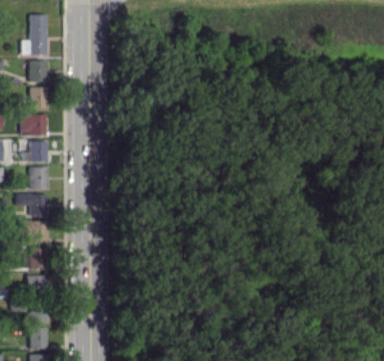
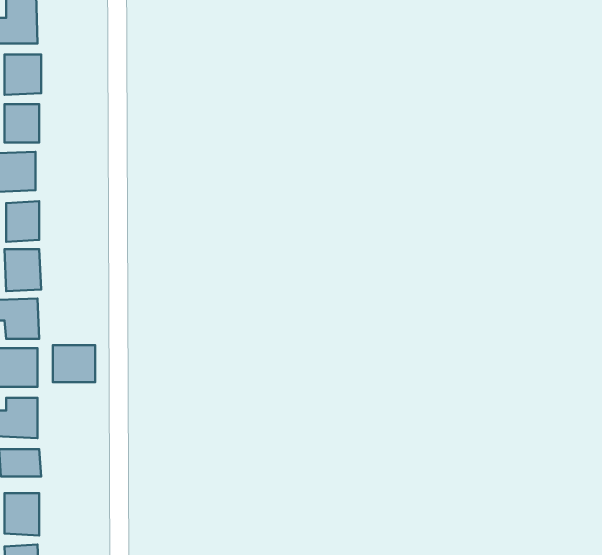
building: none -> [53,345,95,382]

